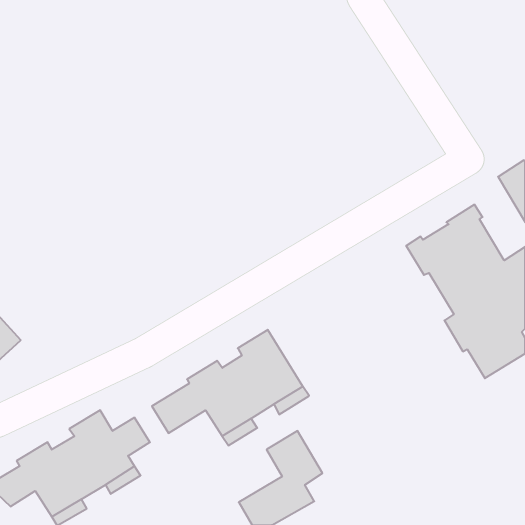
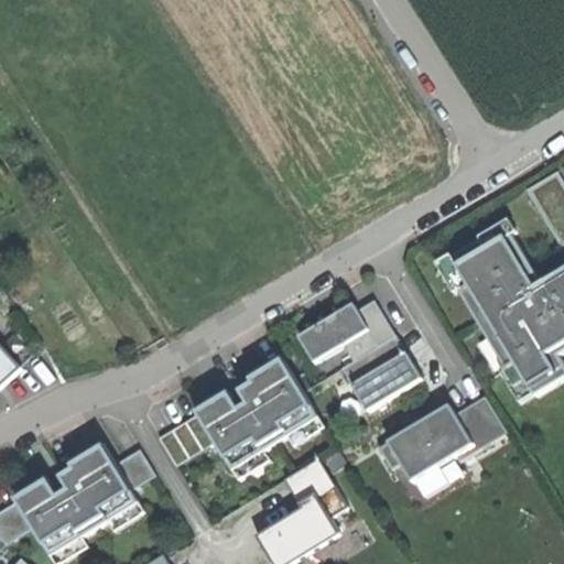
building: none -> [296,301,419,410]
building: none -> [378,395,505,509]

